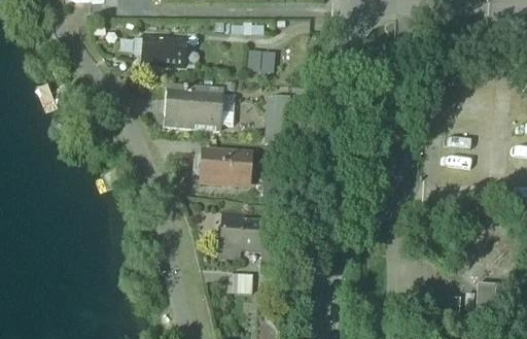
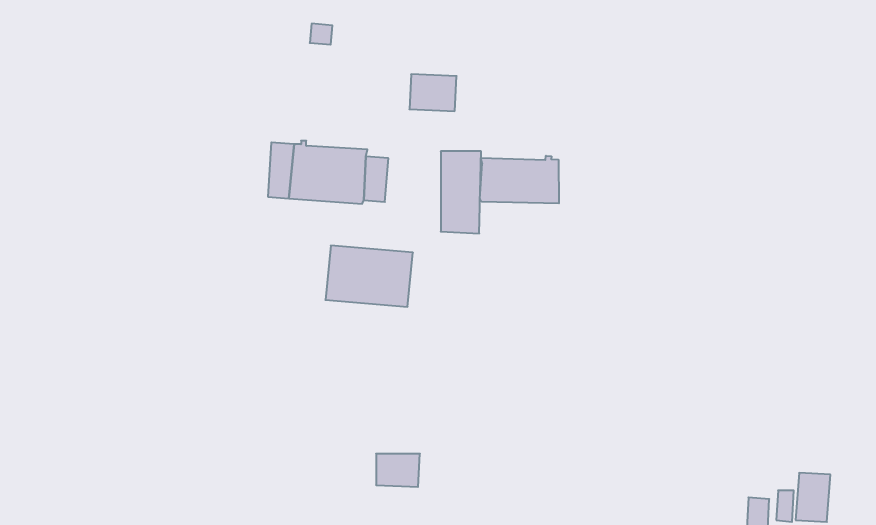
building: [142,33,188,67] -> none
building: none -> [480,156,559,203]
building: [225,219,272,252] -> none

